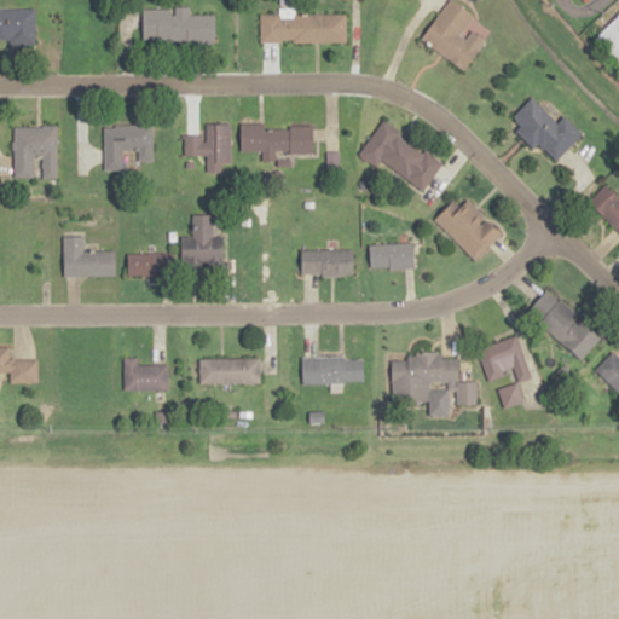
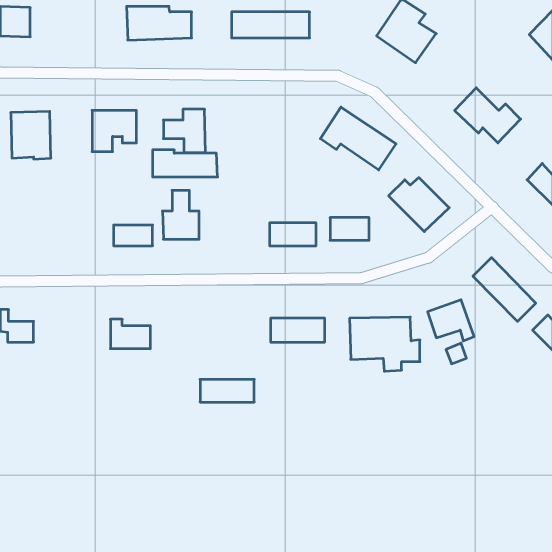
building: [242,123,314,154] -> [153,150,218,177]
building: [64,237,116,276] -> none
building: [201,358,261,383] -> [200,379,254,402]

